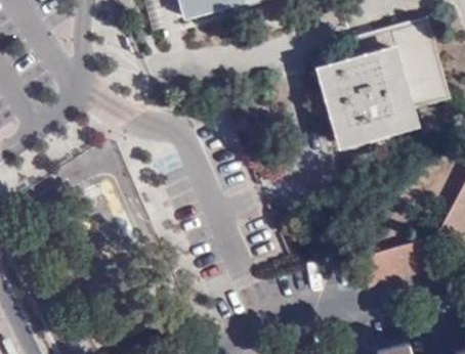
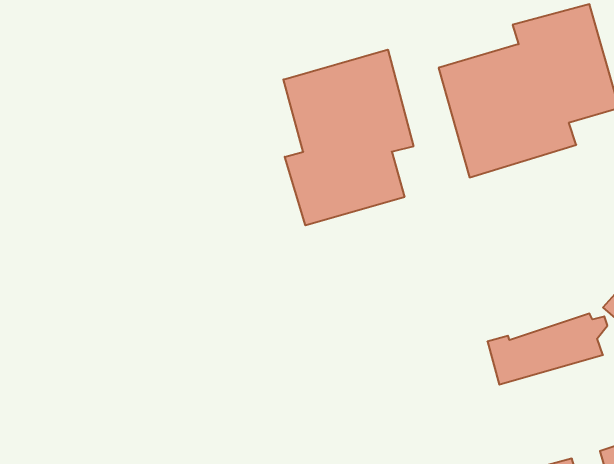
building: none -> [283,50,413,225]

